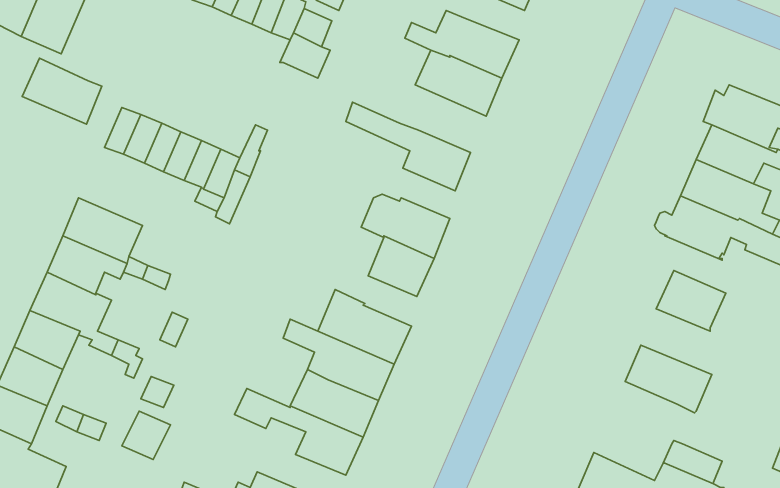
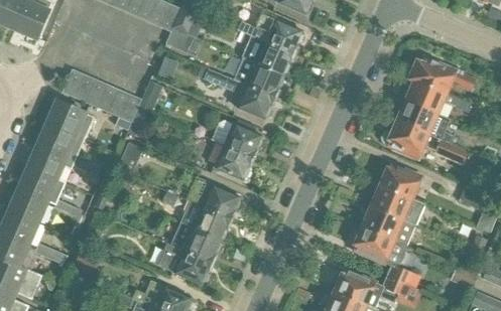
building: [22,58,102,124] -> [46,100,93,138]
building: none -> [233,56,283,96]
building: none -> [373,186,423,224]
building: none -> [355,228,405,265]

